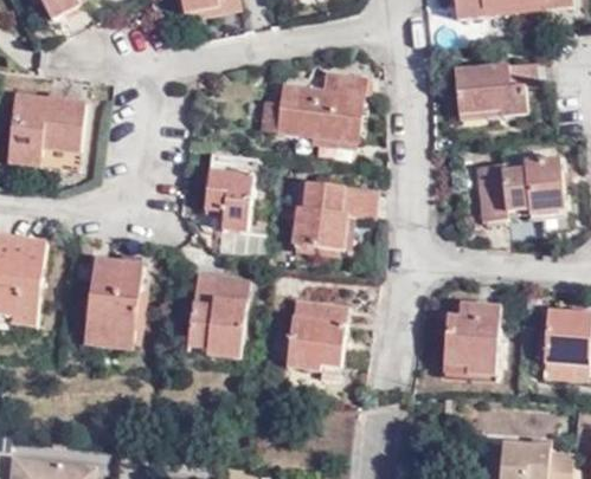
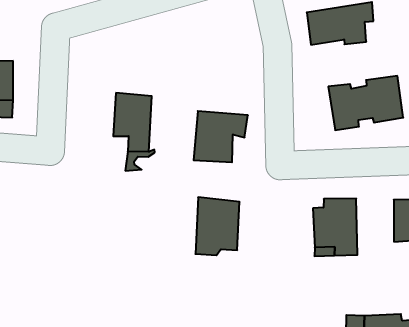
building: [249,75,356,137] -> none
building: [84,261,146,341] -> none
building: [192,274,249,360] -> none

